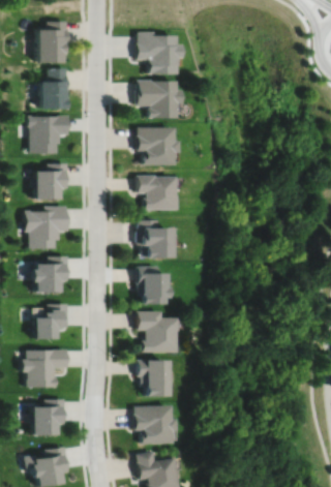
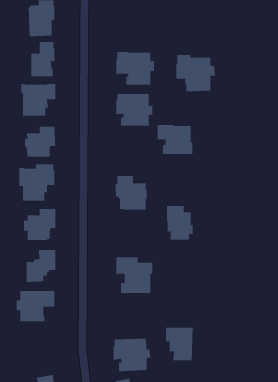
building: [137,32,182,74] -> [175,54,216,92]
building: [137,176,178,210] -> [157,124,193,155]
building: [137,267,168,306] -> [166,205,193,240]
building: [137,361,169,399] -> [165,327,193,361]
building: [30,398,66,434] -> none

